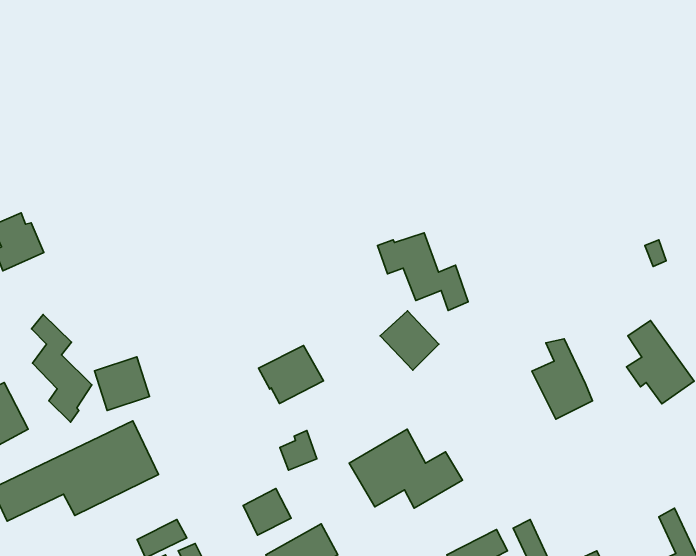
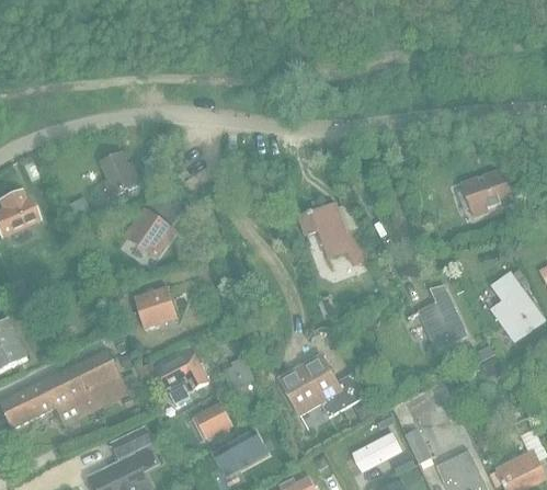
building: none -> [99,152,140,196]
building: none -> [460,173,513,217]
building: none -> [124,210,175,260]
building: [380,311,439,370] -> none
building: [31,314,92,422] -> none
building: [258,345,323,403] -> [158,353,208,398]
building: [94,357,150,410] -> [134,286,176,328]

